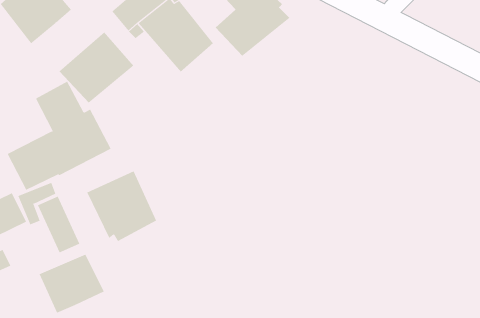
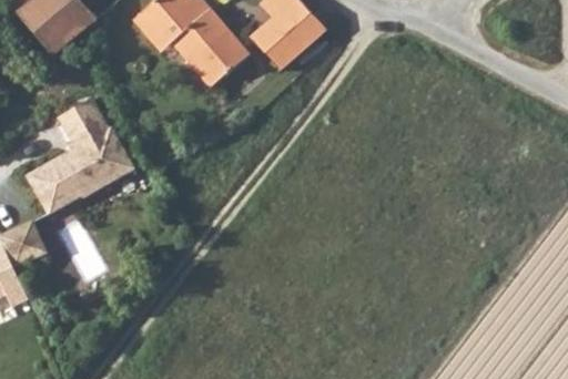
building: [59,32,134,103] -> none
building: [86,171,157,242] -> none
building: [39,254,105,314] -> none

